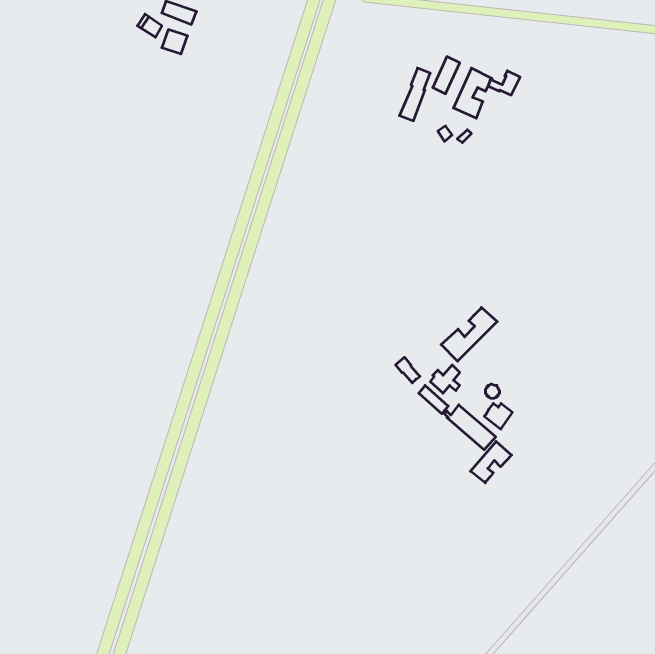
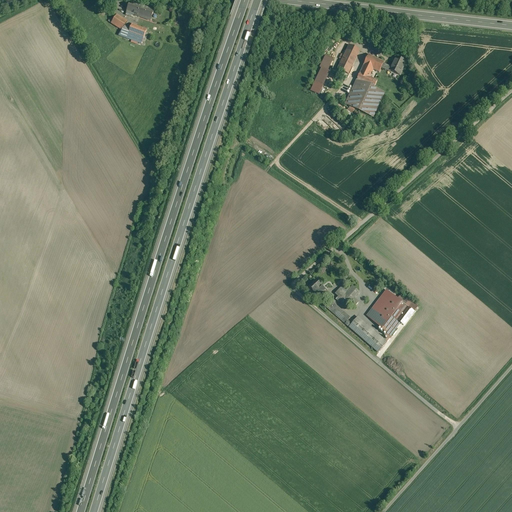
building: [441,307,497,361] -> none
building: [470,441,512,483] -> none

